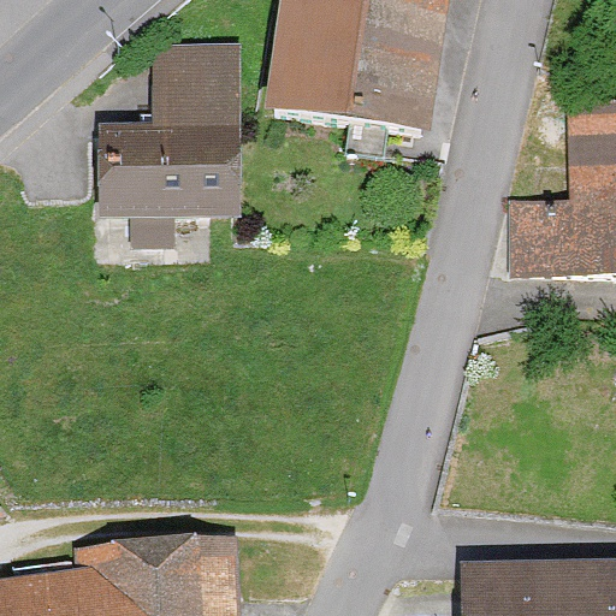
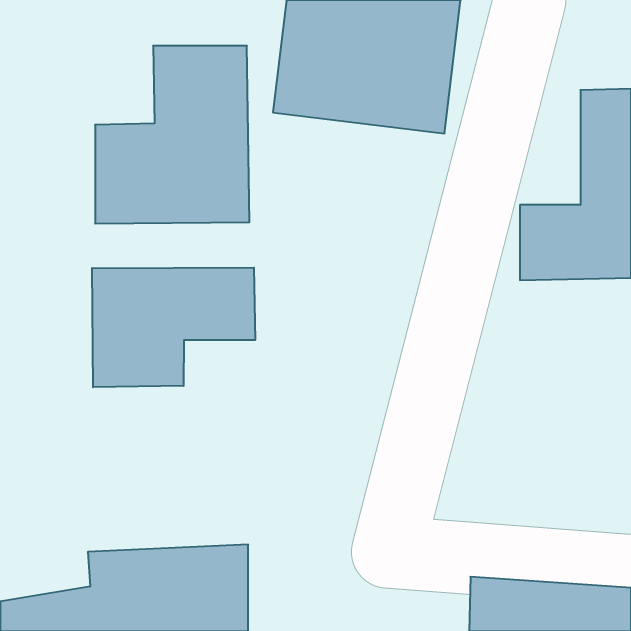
building: none -> [92,268,255,387]

